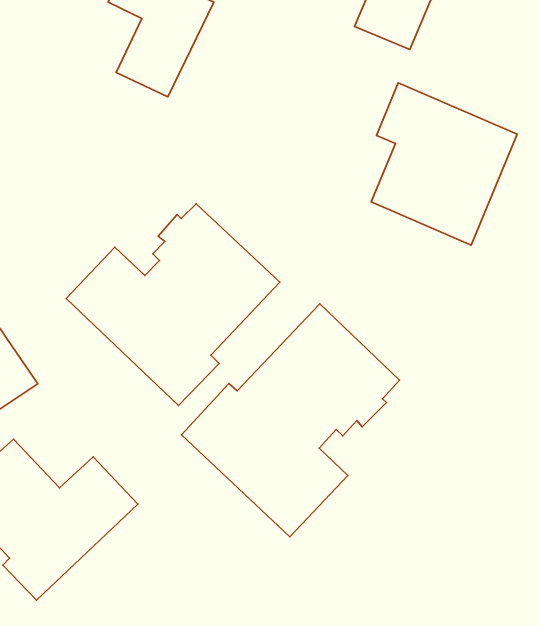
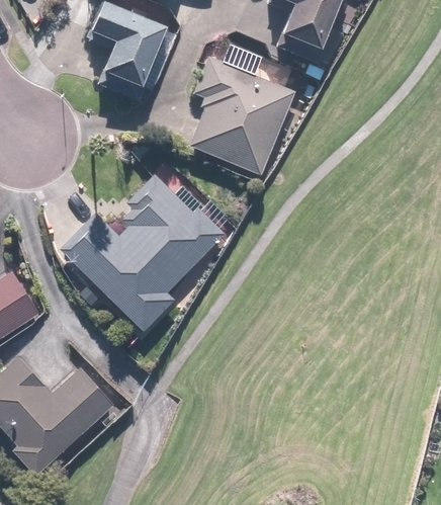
building: [371,83,517,245] -> [189,56,298,177]
building: [181,304,399,537] -> none

